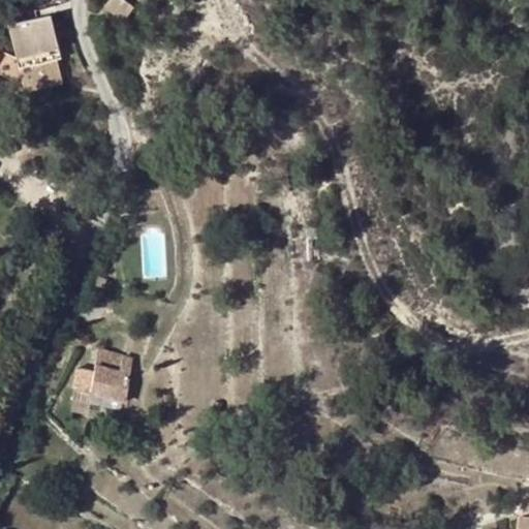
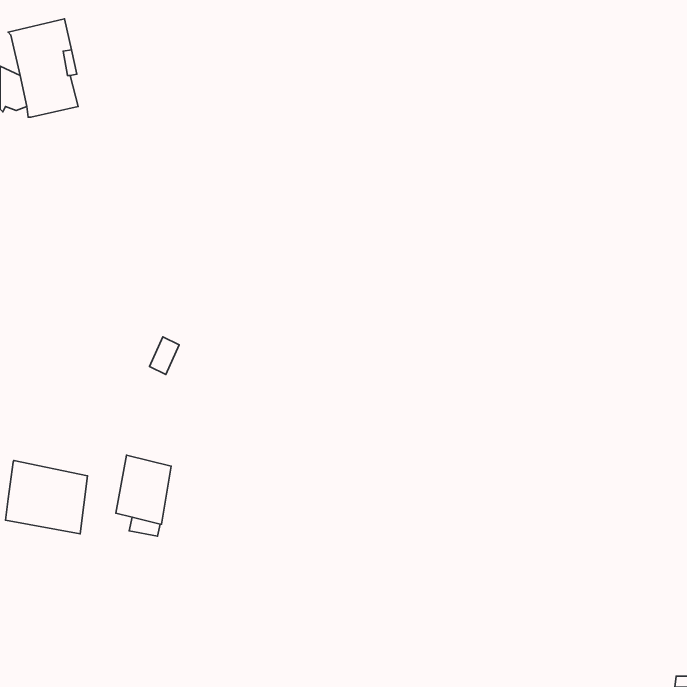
building: none -> [6,460,88,534]

